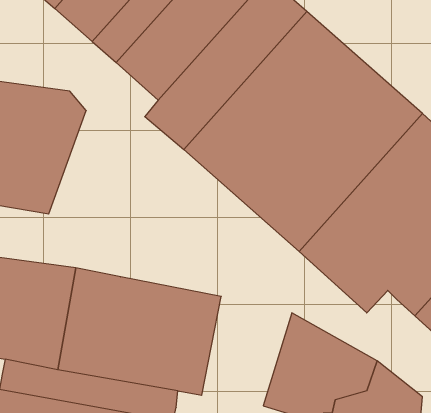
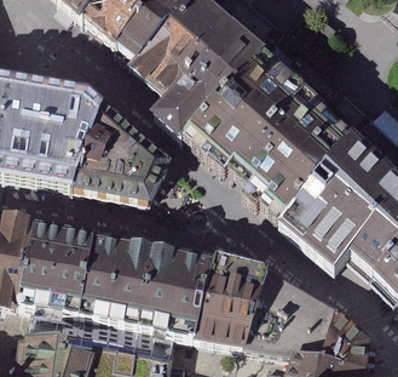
building: none -> [68,107,163,204]
building: none -> [191,257,264,345]

